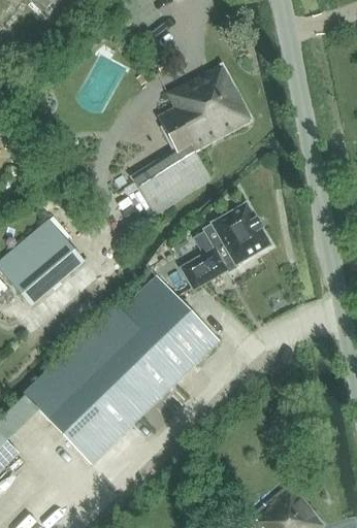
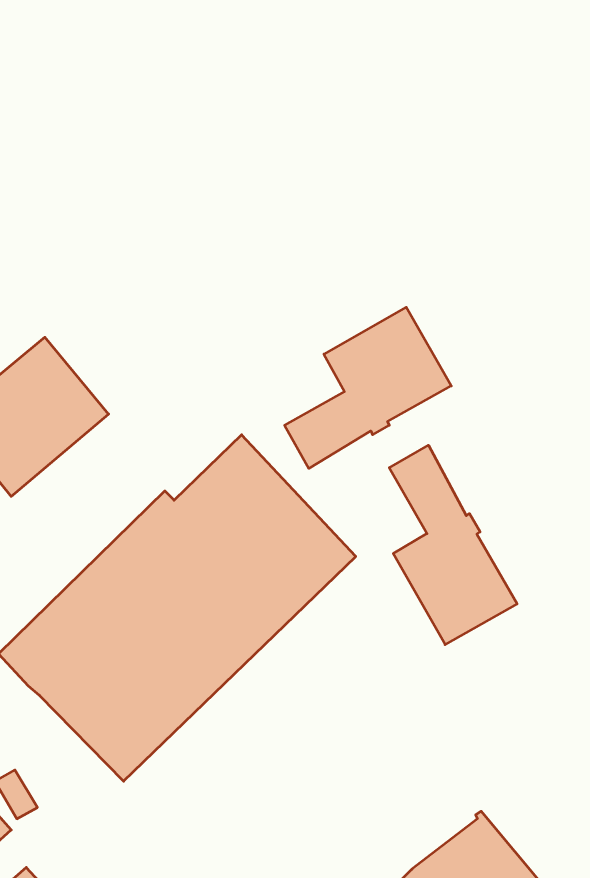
building: [123,63,252,218] -> none
building: none -> [389,445,517,645]

